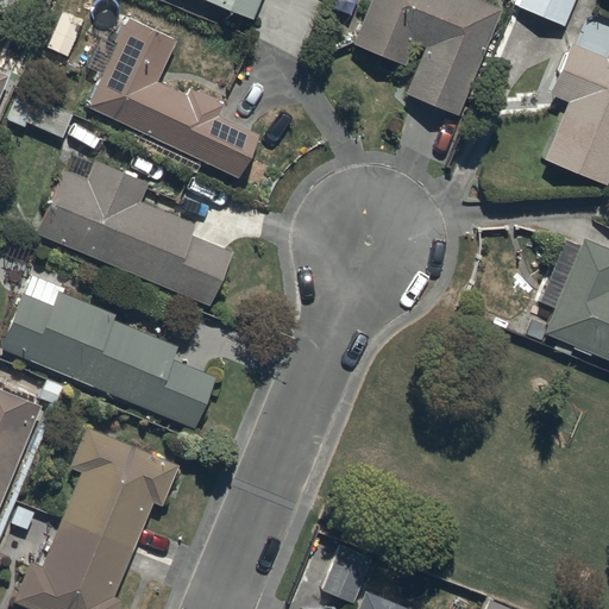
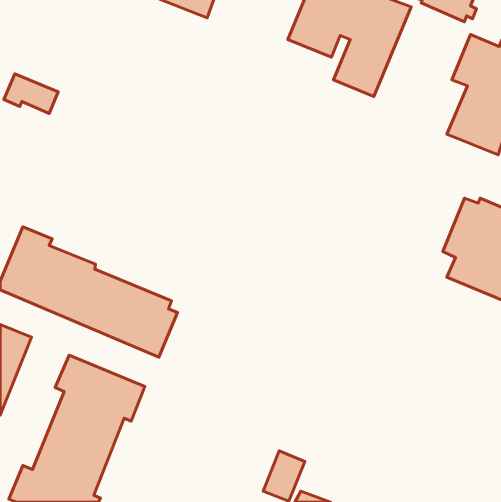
building: [88,18,262,178] -> none
building: [36,163,236,307] -> none

